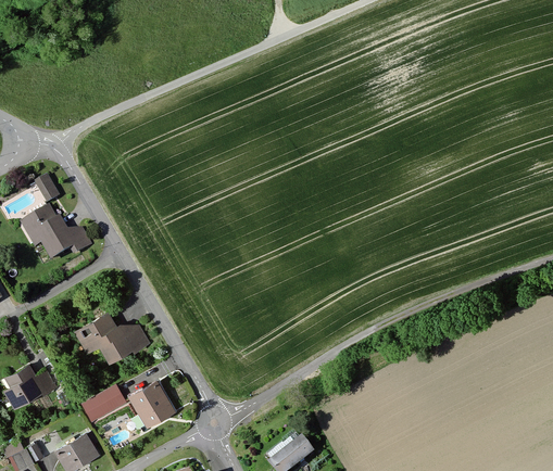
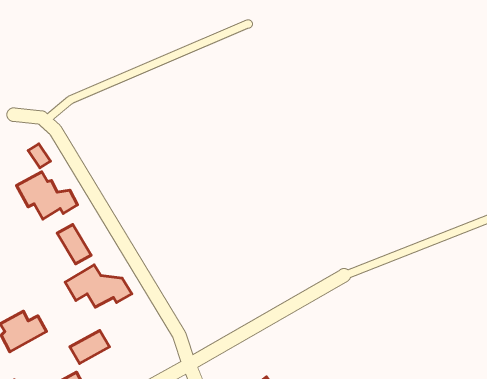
building: none -> [57,225,91,264]
building: [128,379,174,425] -> none

